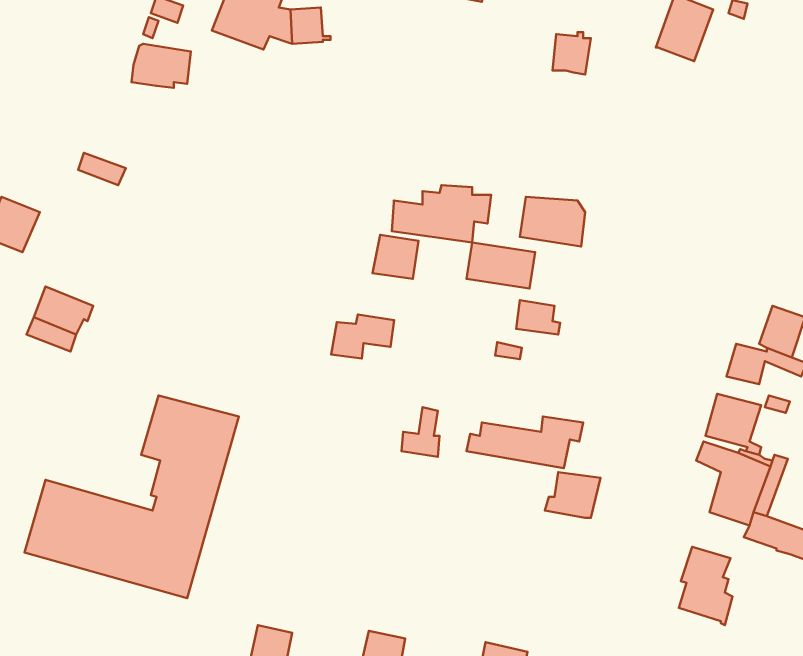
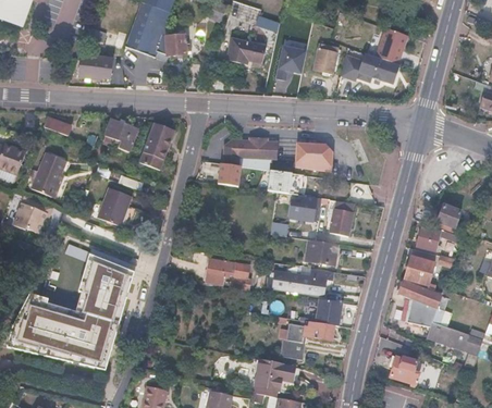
building: none -> [225,36,270,65]
building: none -> [278,47,307,74]
building: none -> [342,53,396,84]
building: none -> [103,119,137,151]
building: none -> [142,122,174,170]
building: none -> [30,150,66,195]
building: none -> [97,187,131,225]
building: none -> [329,203,353,235]
building: [331,314,394,358] -> [206,259,242,284]
building: none -> [305,239,339,264]
building: none -> [280,321,334,358]
building: none -> [255,358,295,390]

